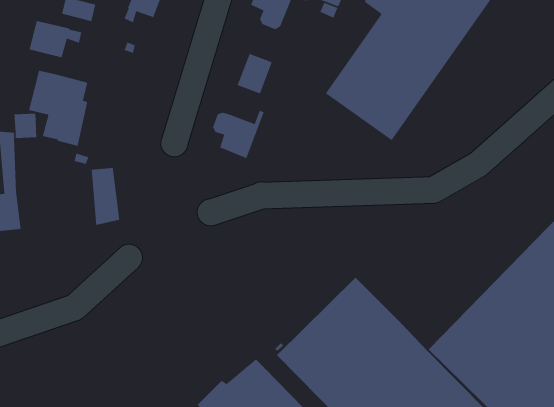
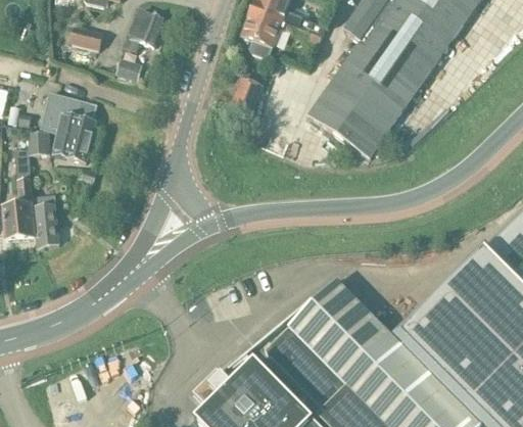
building: [29,20,82,58] -> none
building: [212,110,265,159] -> none
building: [91,167,120,226] -> [34,194,60,247]

